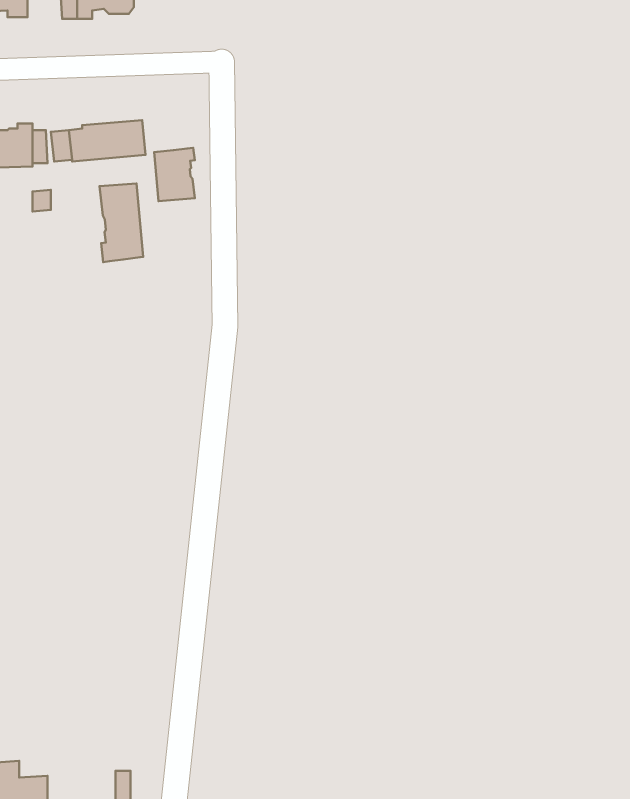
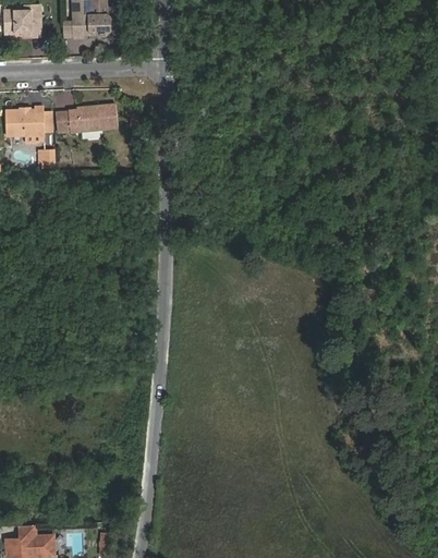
building: [154,148,195,201] -> none
building: [99,183,143,262] -> none

